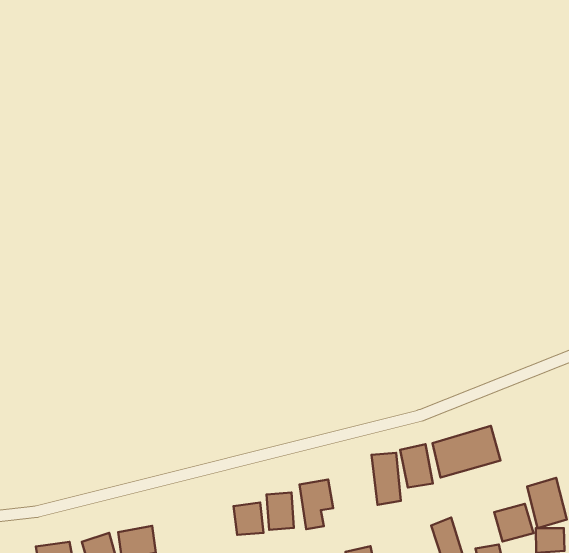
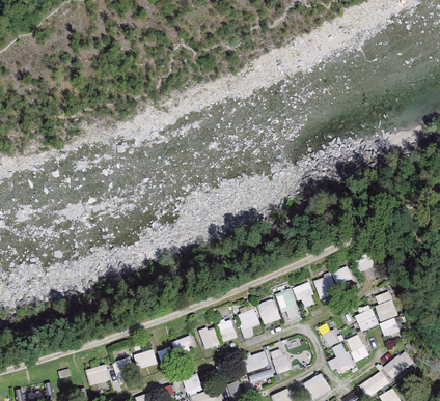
building: none -> [257,297,281,324]

